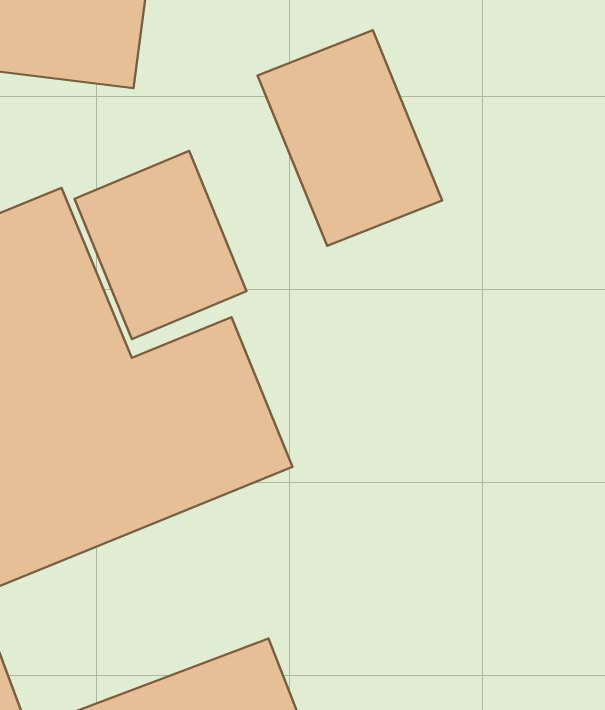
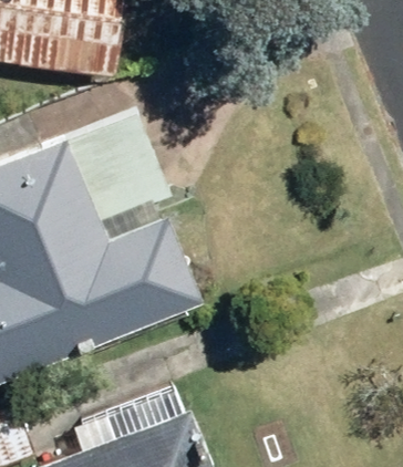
building: [258,30,442,246] -> none

